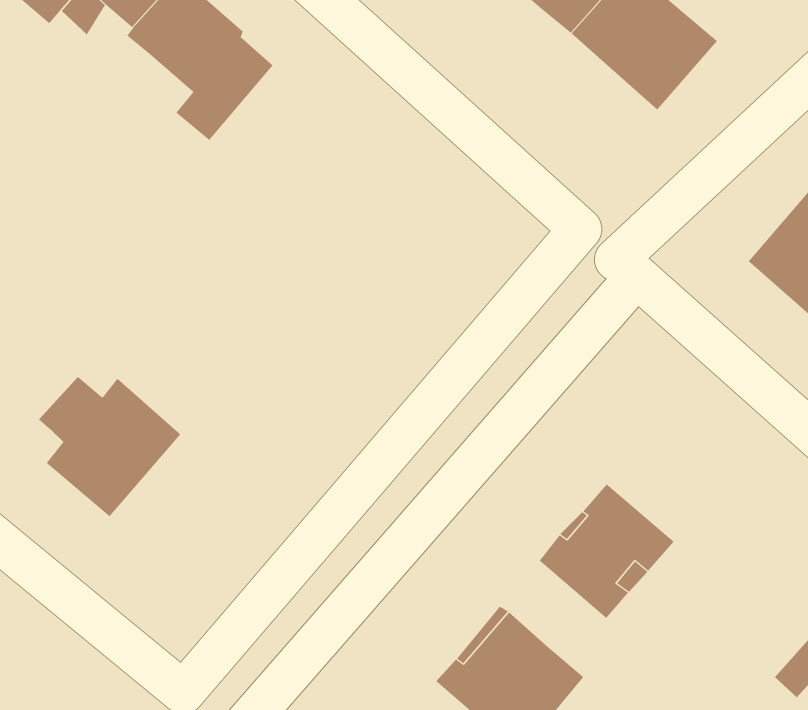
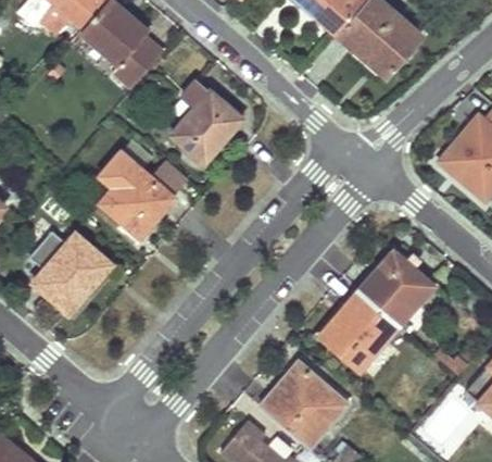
building: none -> [173,77,244,162]
building: none -> [100,150,175,237]
building: none -> [357,251,430,325]

